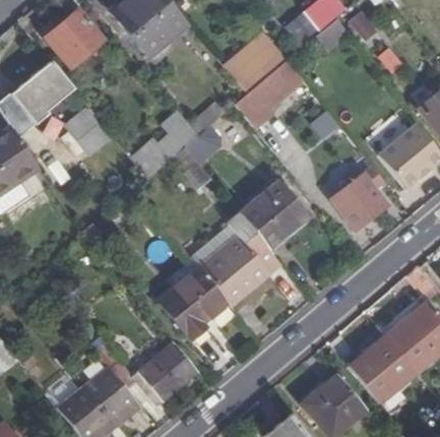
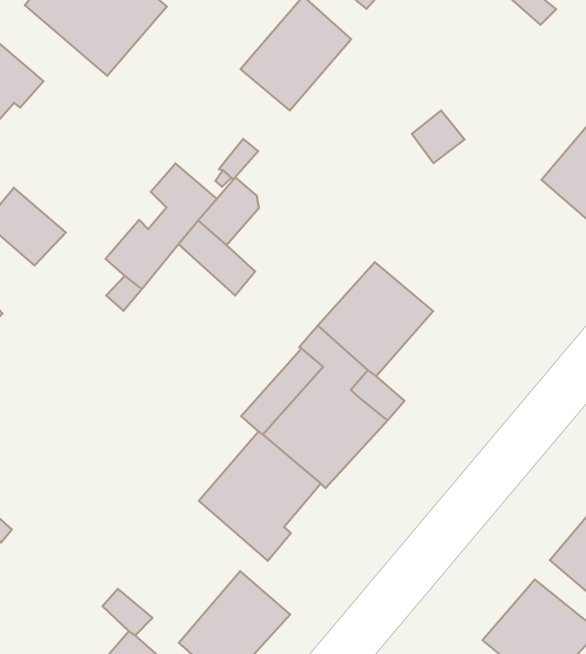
building: [236,60,304,128] -> none
building: [330,166,387,230] -> none

